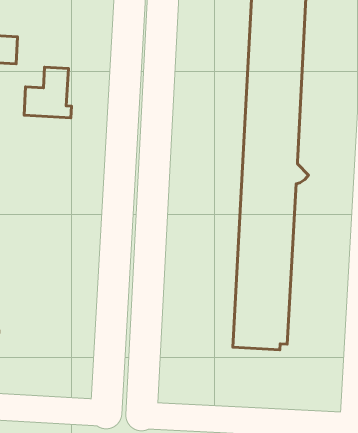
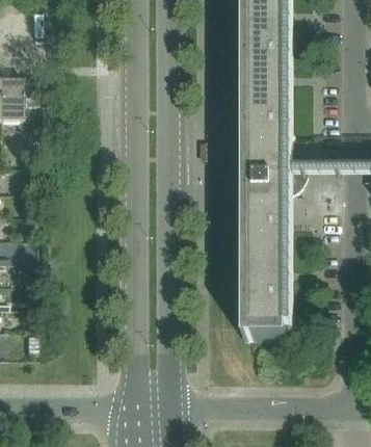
building: [24,67,72,118] -> none

